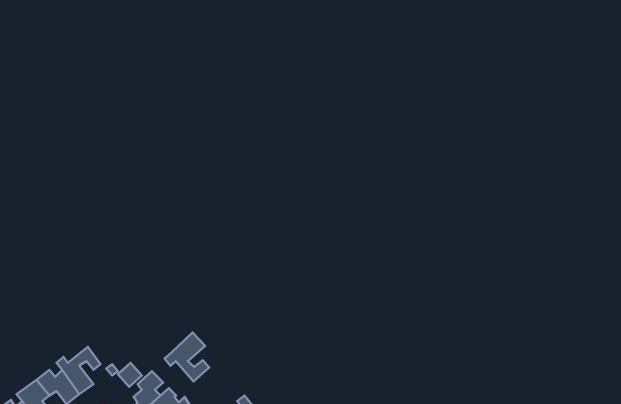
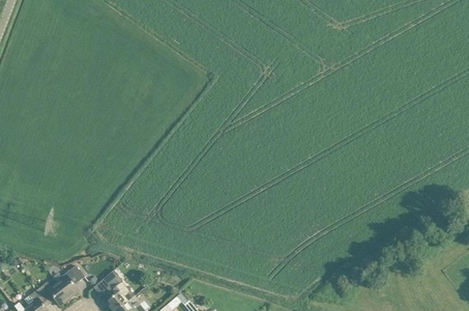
building: [164,333,209,382] -> none

